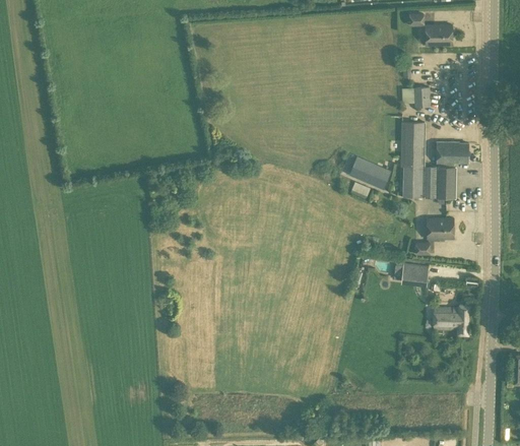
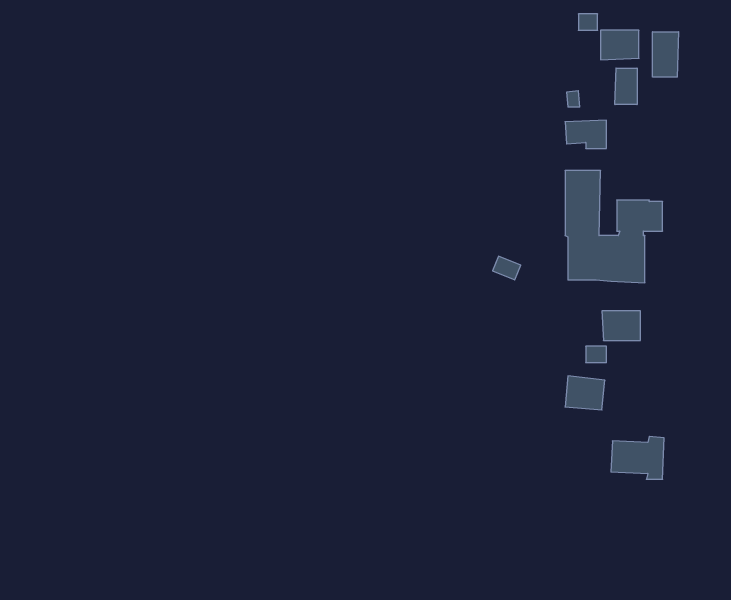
building: none -> [653,32,679,77]
building: none -> [615,68,637,105]
building: [347,156,390,189] -> none

